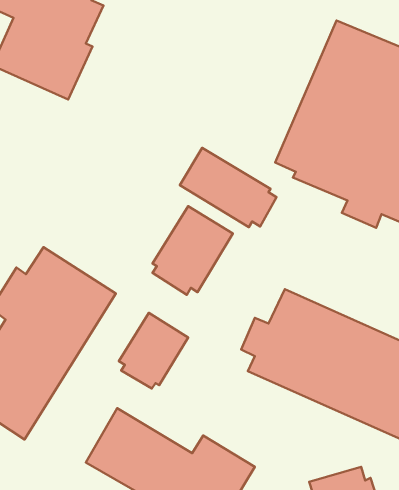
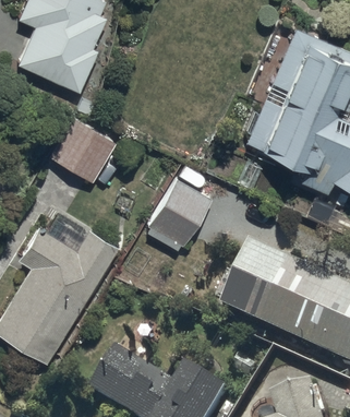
building: none -> [51,118,116,180]
building: [180,148,276,227] -> none
building: [119,313,188,389] -> none

